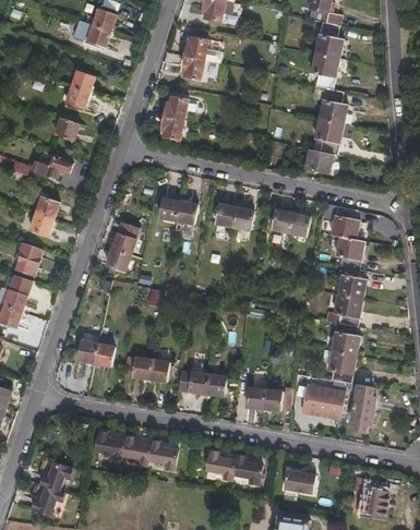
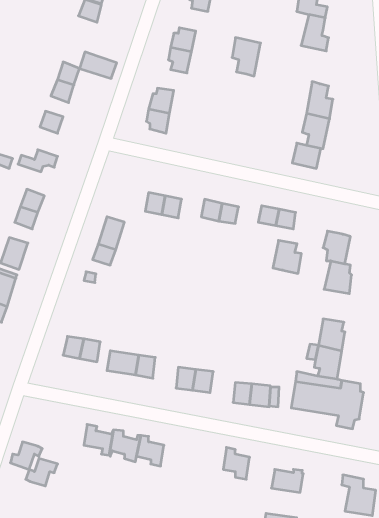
building: [74,19,111,45] -> [79,52,117,78]
building: [311,52,339,91] -> [232,38,261,76]
building: [331,207,359,240] -> [273,240,301,273]
building: [334,294,362,327] -> none
building: [207,446,240,478] -> none
building: [33,485,64,513] -> [10,442,42,469]

